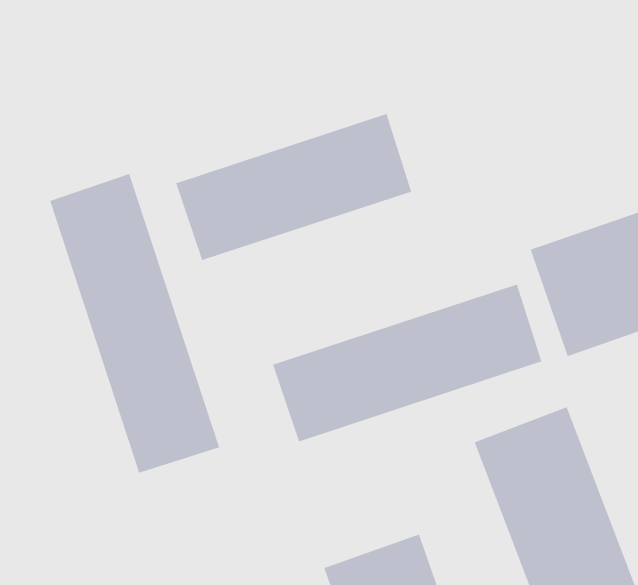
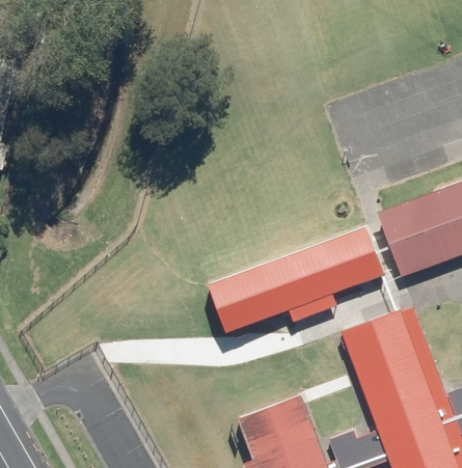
building: [175,113,412,261] -> none
building: [50,173,220,473] -> none

